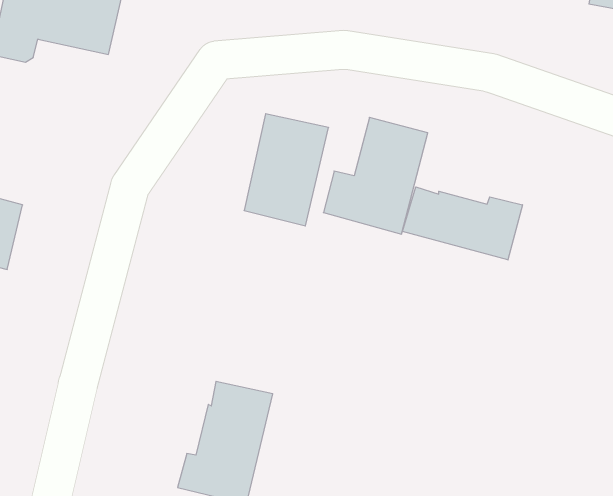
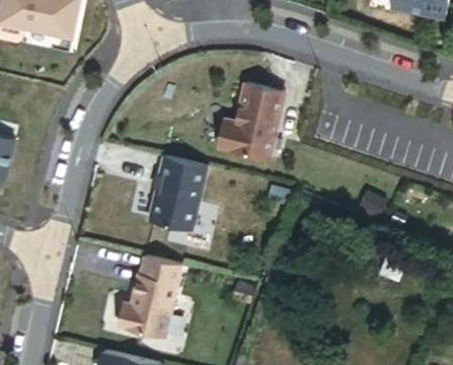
building: [244,114,329,226] -> [150,155,206,229]
building: [403,187,522,260] -> none

